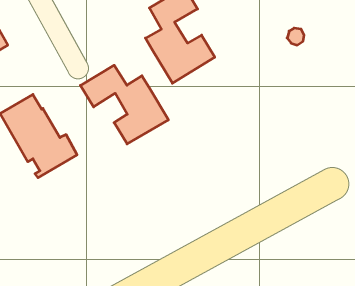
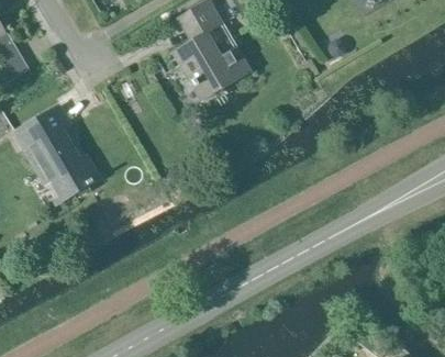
building: [80,65,168,144] -> none

